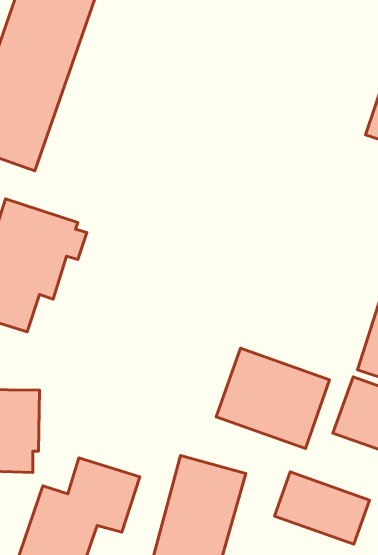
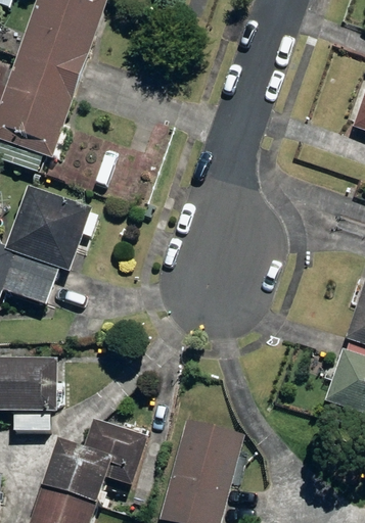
building: [216,348,330,449] -> none
building: [275,472,370,544] -> none

